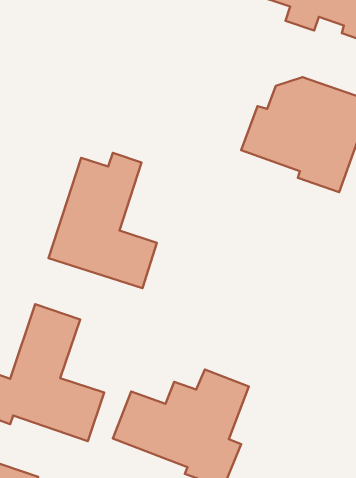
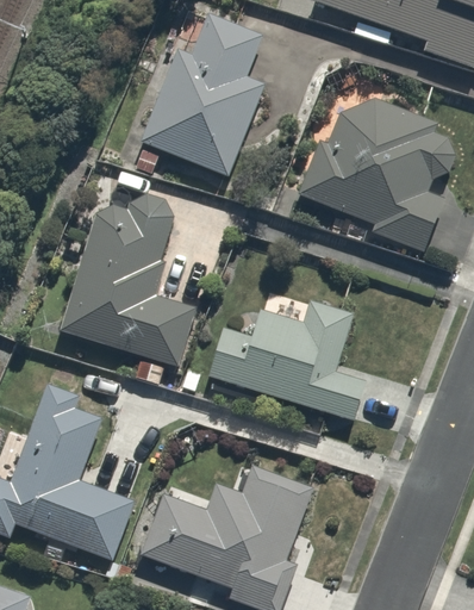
building: none -> [141,15,274,172]
building: none -> [210,303,368,417]

